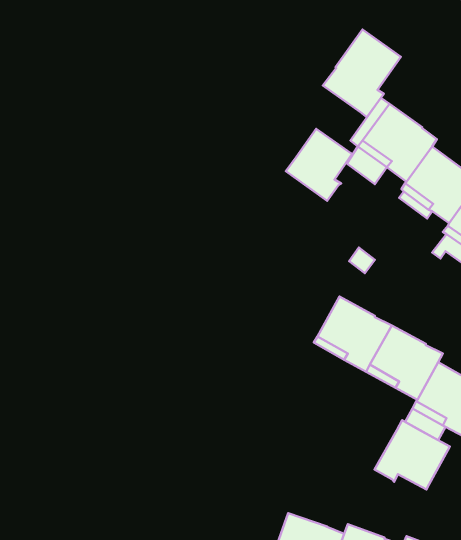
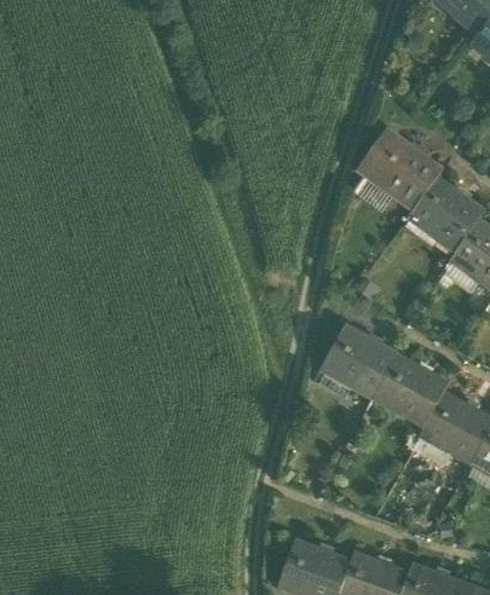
building: [323,29,401,117] -> none
building: [286,129,352,201] -> none
building: [375,420,450,490] -> none

